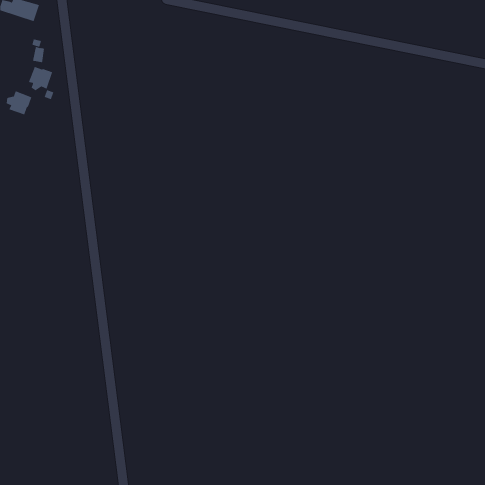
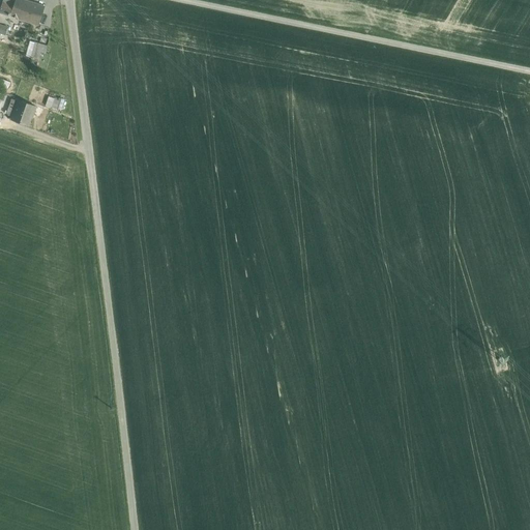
building: [28,66,53,91] -> none

